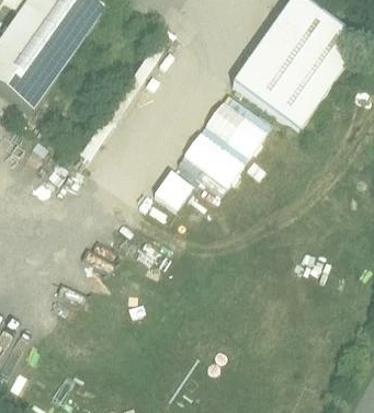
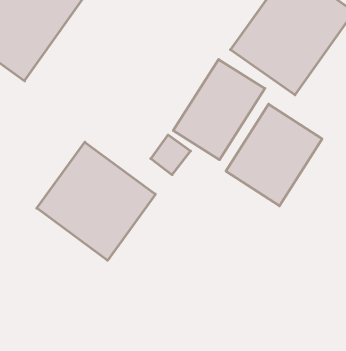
building: none -> [226,104,322,206]
building: none -> [37,142,155,260]

